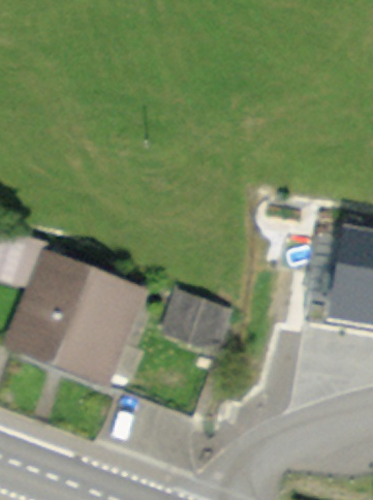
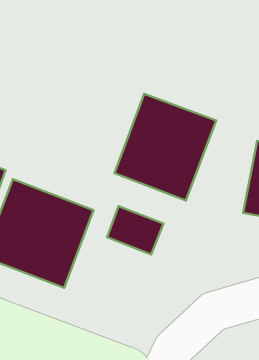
building: none -> [114,94,216,201]

